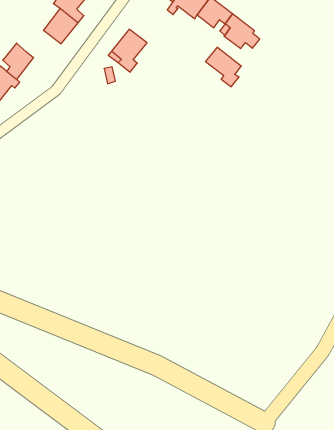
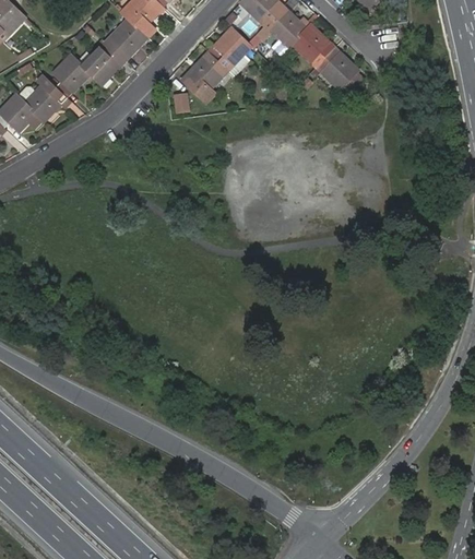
building: none -> [207,26,251,70]
building: none -> [82,41,124,84]
building: [205,47,241,87] -> none

